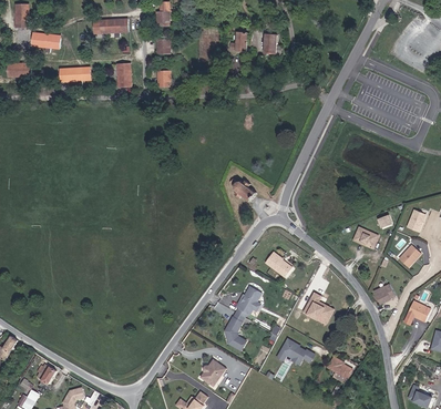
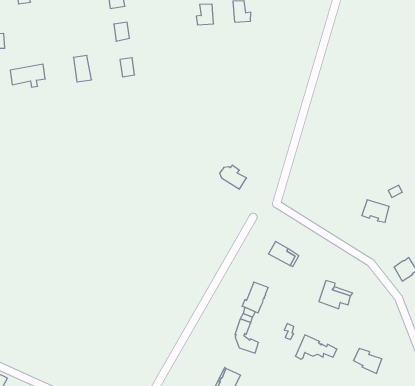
building: [92,19,126,38] -> none

